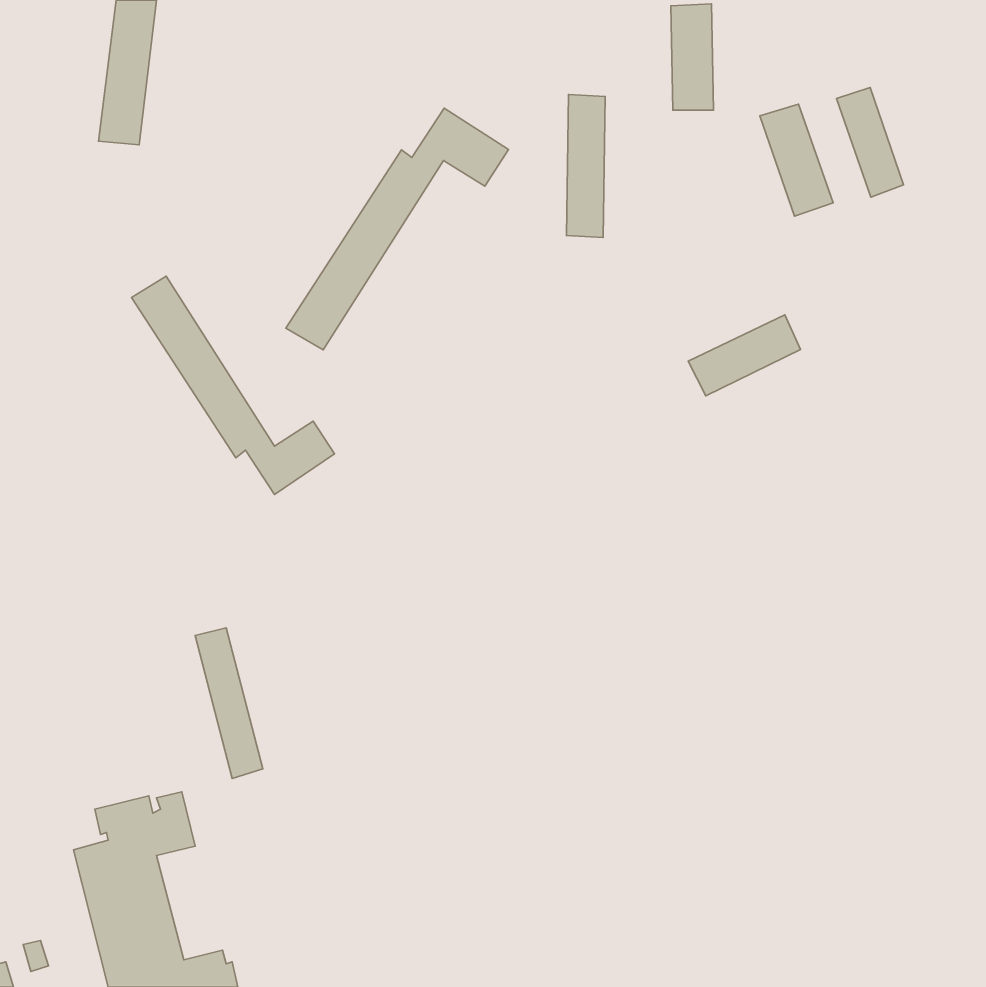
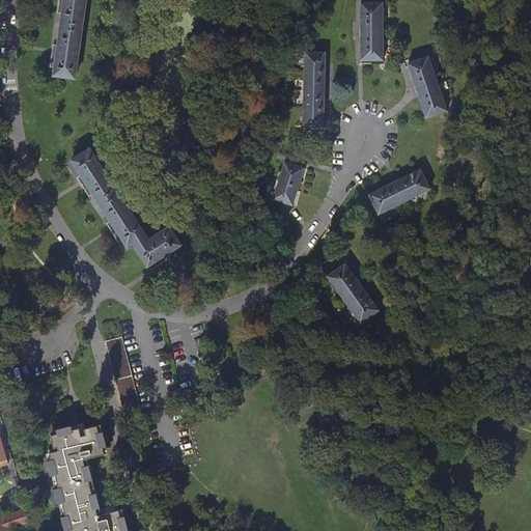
building: [836,87,904,197] -> none
building: [286,108,509,350] -> none
building: none -> [273,162,303,204]
building: none -> [328,263,378,322]

